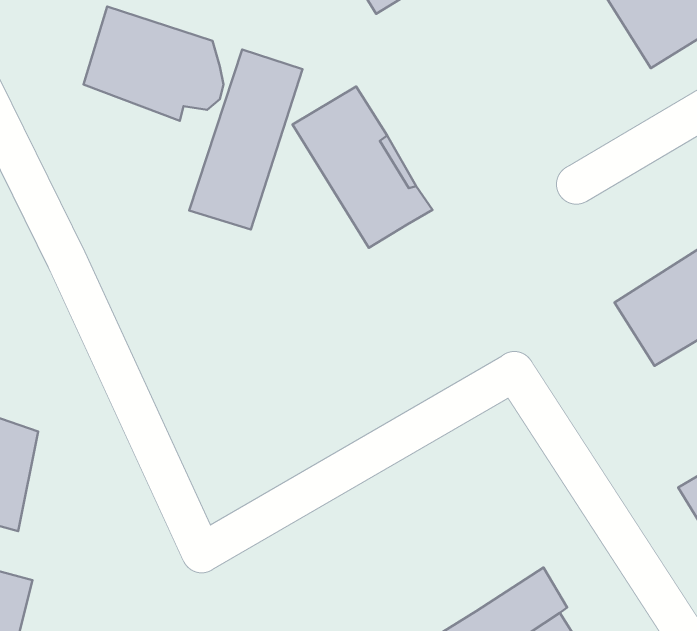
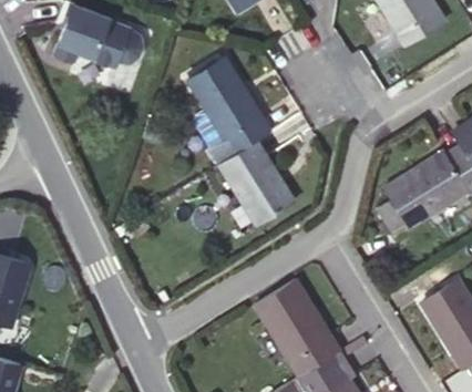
building: [189,49,302,230] -> none
building: none -> [217,141,293,225]
building: none -> [254,280,339,376]

